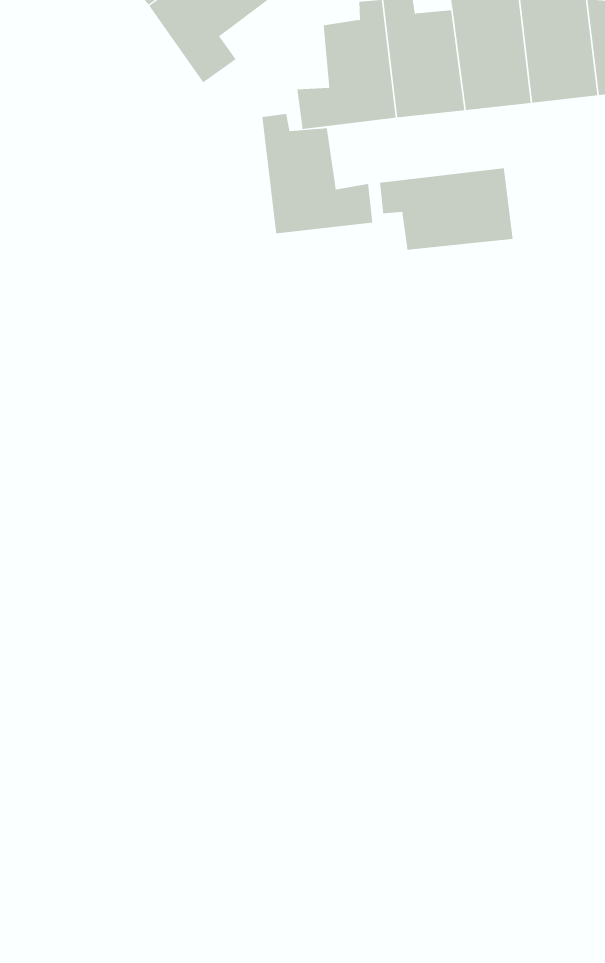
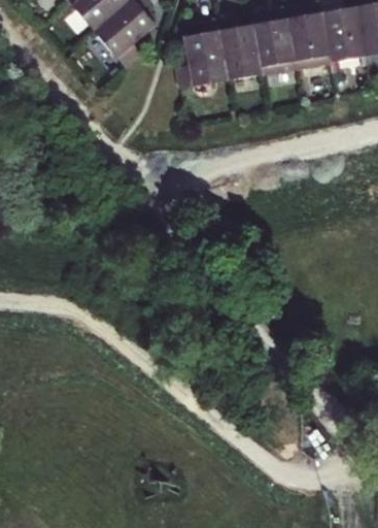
building: [262,113,373,234] -> none
building: [379,167,513,251] -> none

